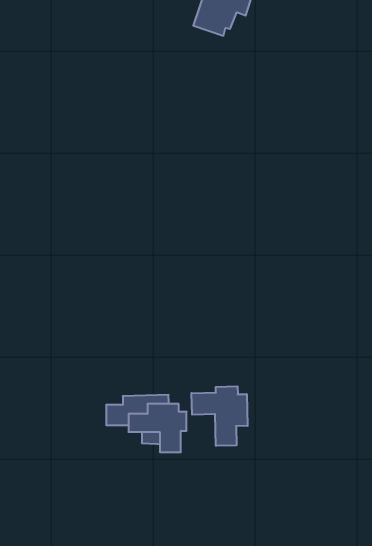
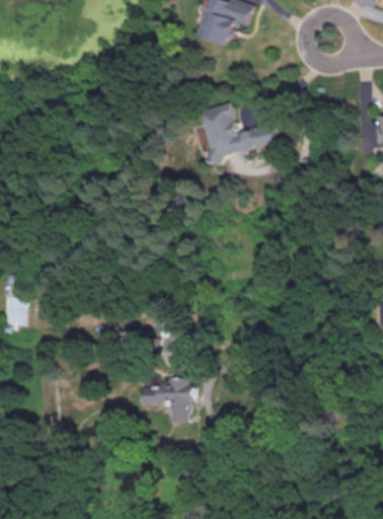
building: none -> [200,103,276,164]
building: [191,386,248,446] -> none

